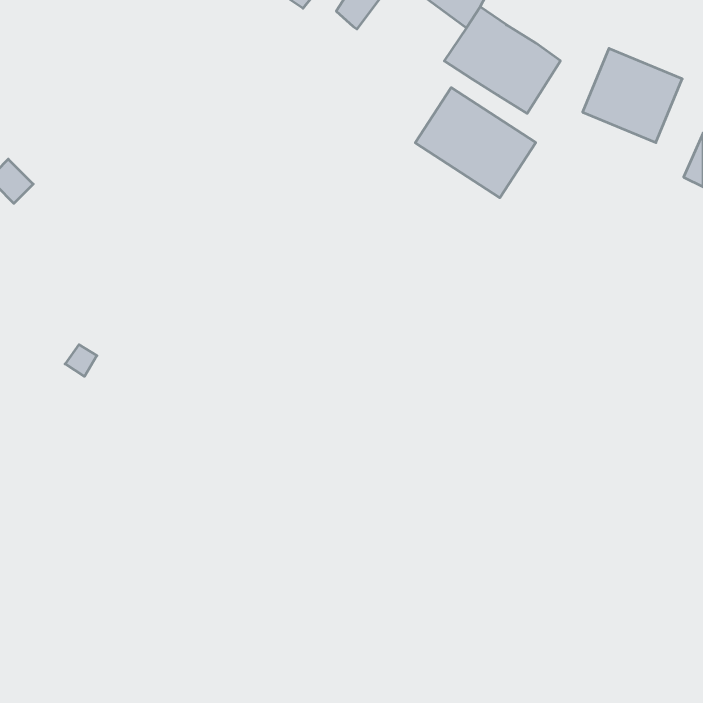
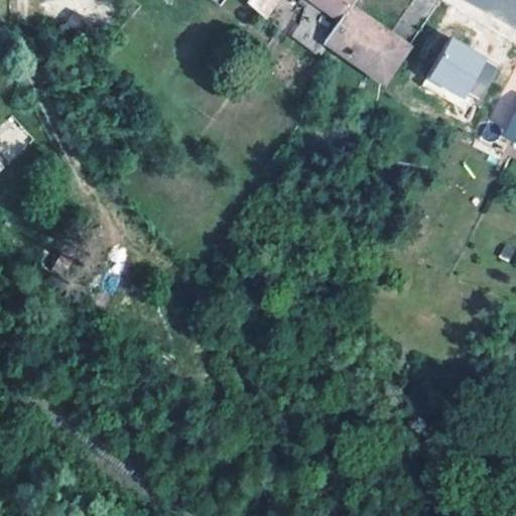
building: [415,88,536,198] -> none

